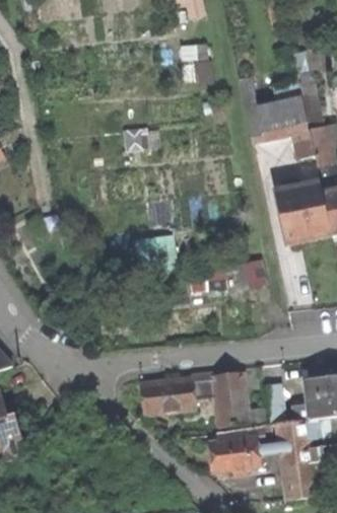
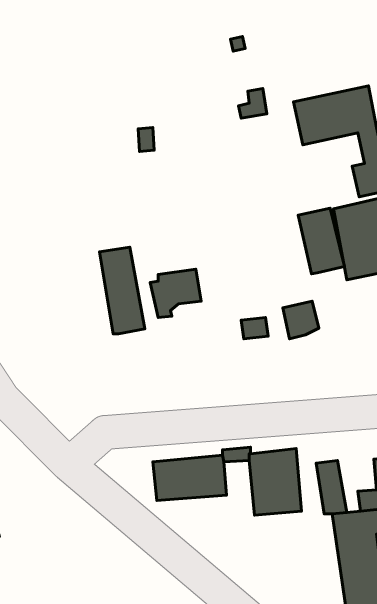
building: none -> [298,208,344,274]
building: none -> [99,247,145,334]
building: [208,422,264,473] -> none

